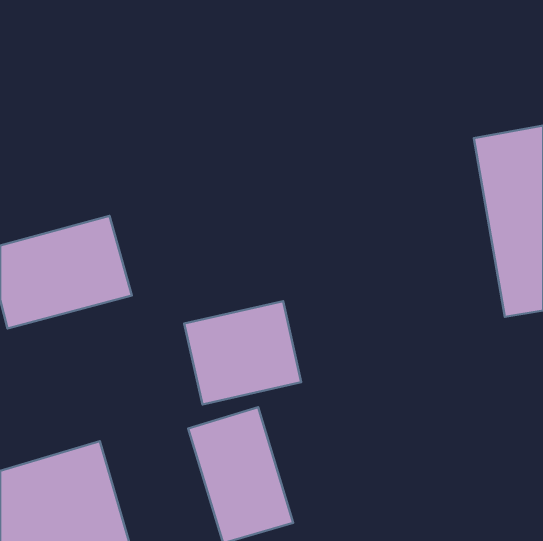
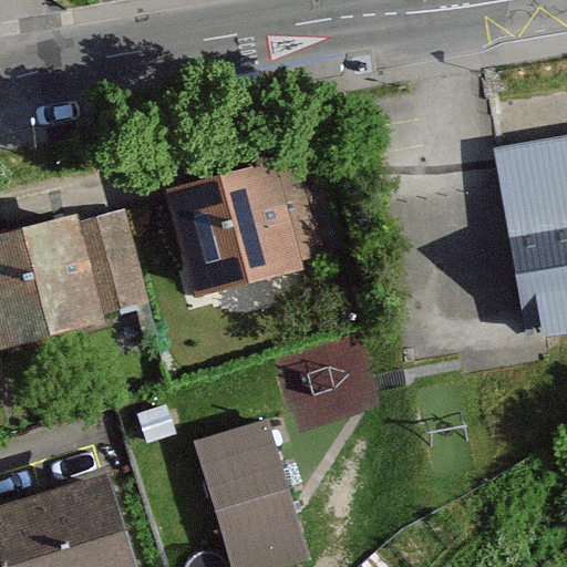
building: [184,301,301,404] -> [186,184,308,291]

